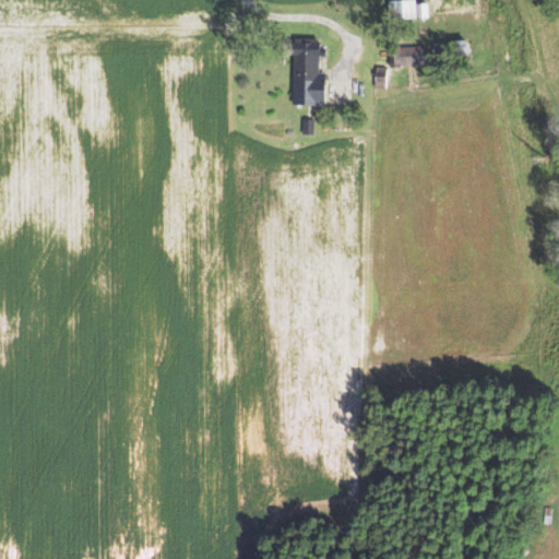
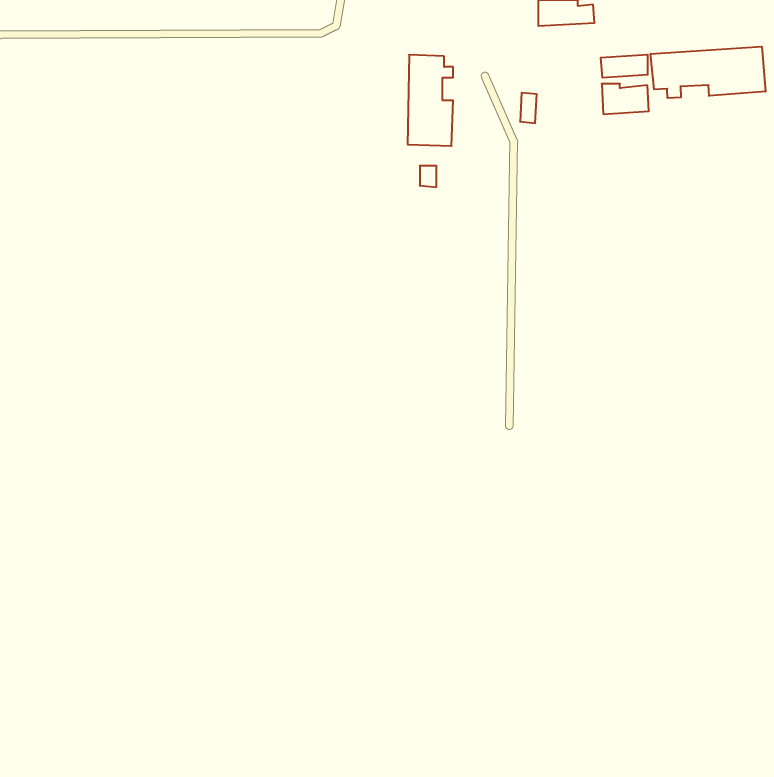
building: none -> [651,47,766,98]
building: [390,45,424,67] -> [602,84,649,114]

